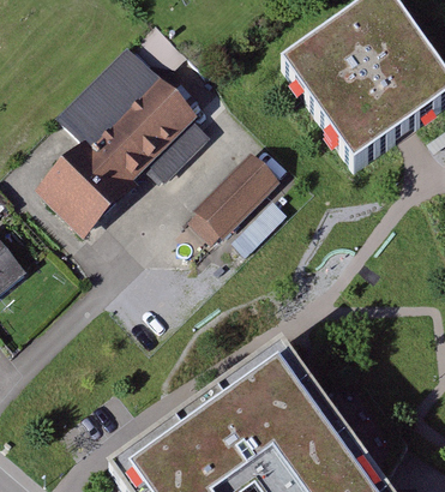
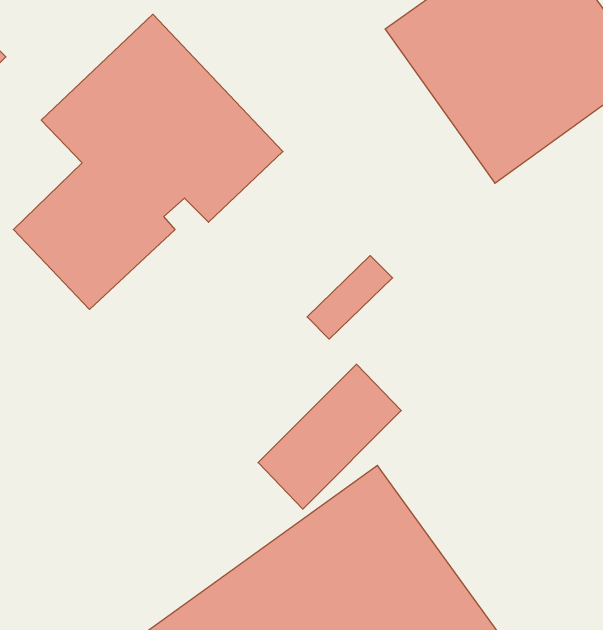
building: [190,151,282,245] -> [258,364,401,509]

